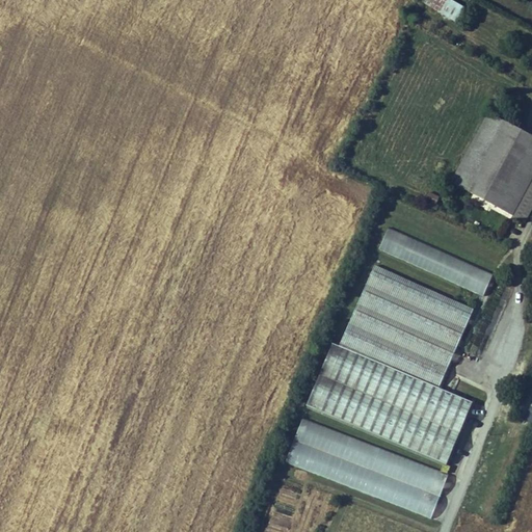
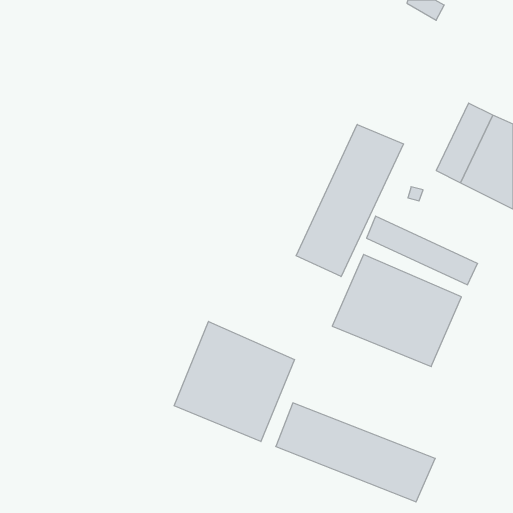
building: none -> [296,124,404,277]
building: none -> [174,321,295,442]
building: [309,343,475,463] -> none

